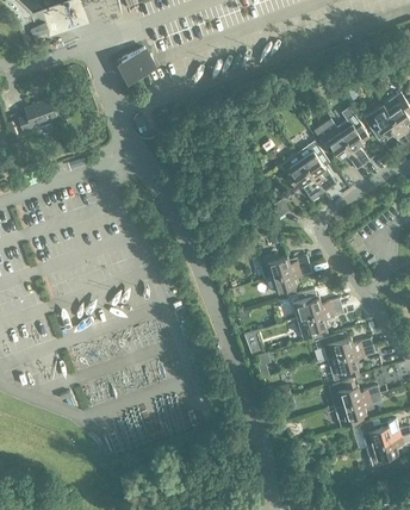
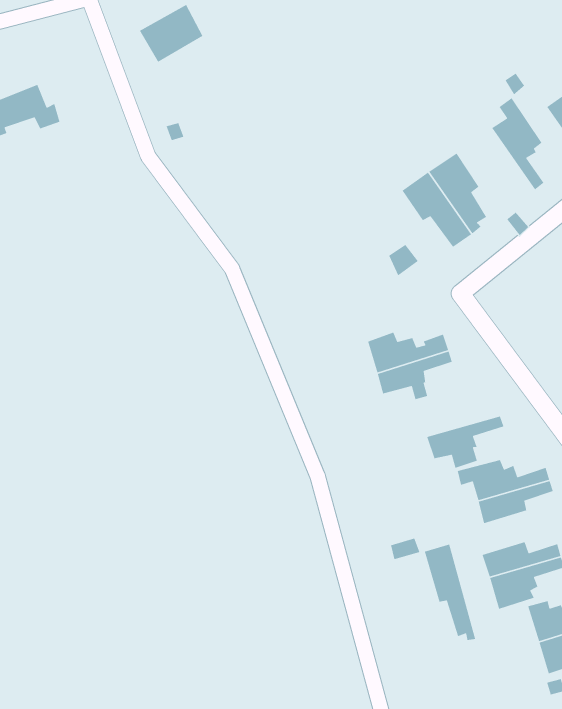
building: [318,125,362,169] -> none
building: [290,297,341,318] -> none
building: none -> [424,544,476,641]

